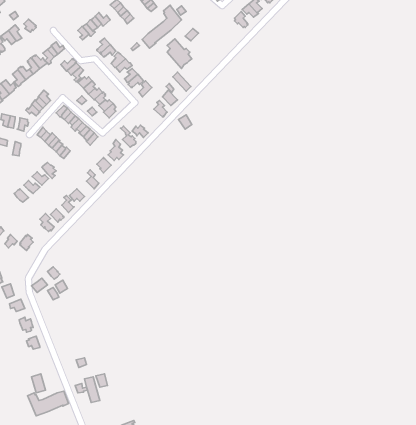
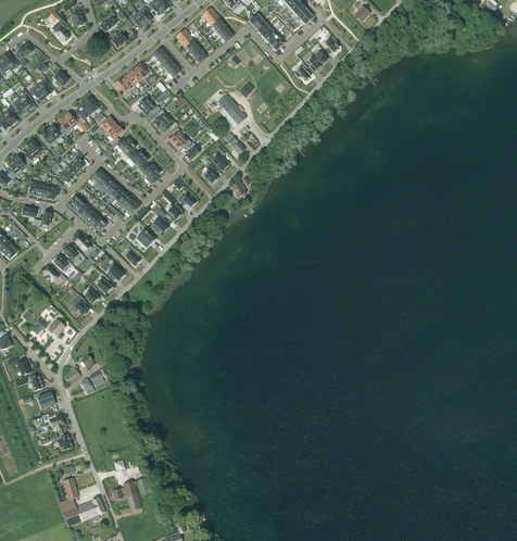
building: [142,5,182,48] -> none

